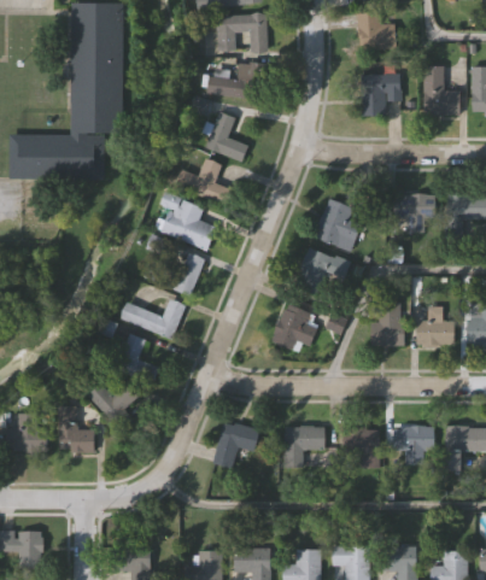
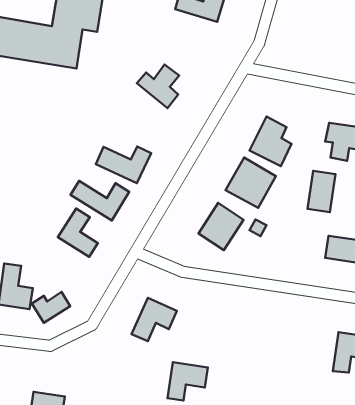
building: [361,74,399,116] -> none
building: [204,112,248,163] -> none
building: [160,194,215,248] -> none
building: [377,303,403,346] -> [308,171,335,212]
building: [94,383,137,421] -> [32,292,70,323]
building: [285,427,324,468] -> [168,362,208,400]
building: [393,427,434,467] -> none
building: [346,428,379,469] -> none

